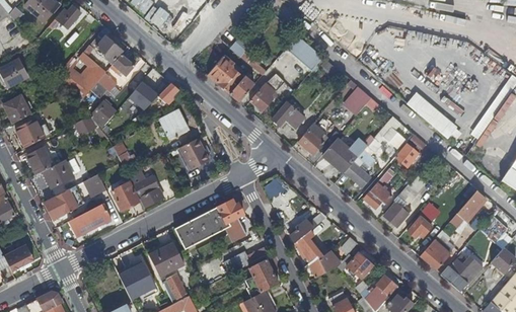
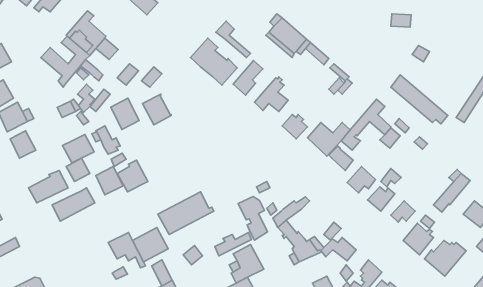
building: [180,138,209,169] -> [111,98,139,130]
building: [43,159,74,187] -> [63,134,94,163]
building: [217,200,246,243] -> [238,196,268,240]

